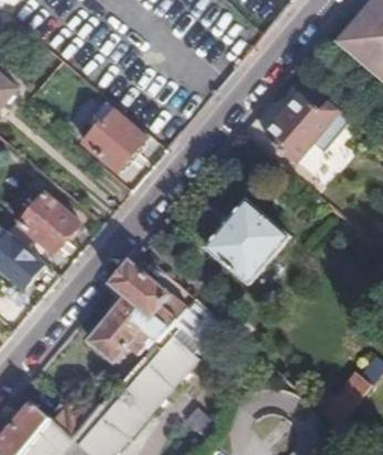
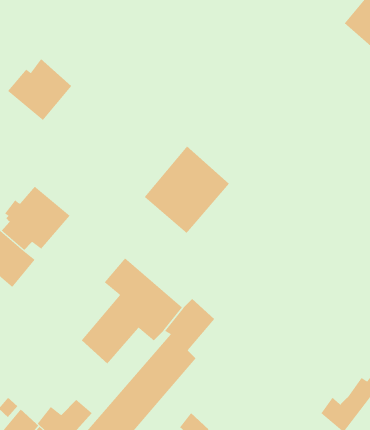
building: [263,87,340,163] -> none
building: [81,111,143,170] -> [7,58,72,121]
building: [206,200,287,284] -> [144,146,230,234]

